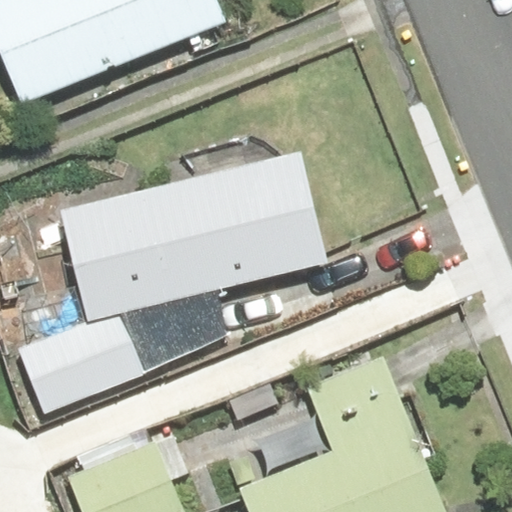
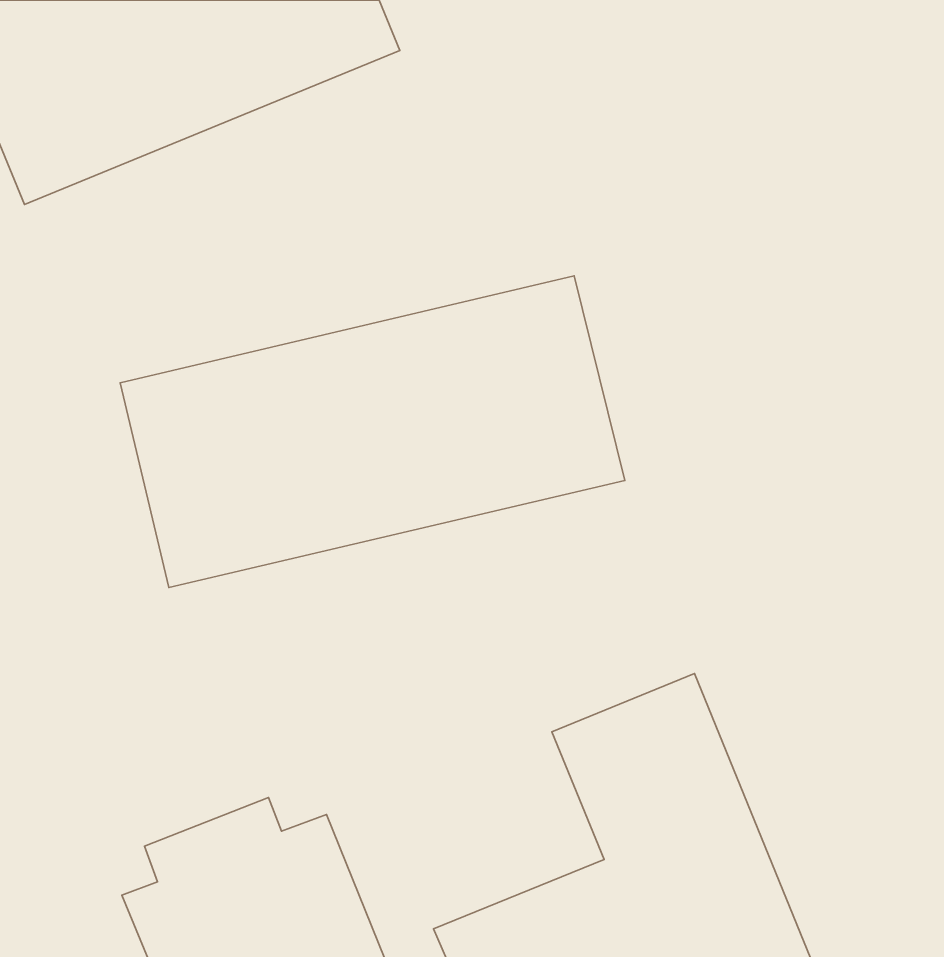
building: [22,289,151,421] -> none

